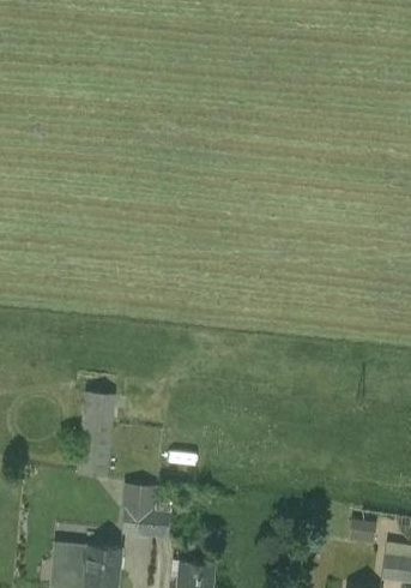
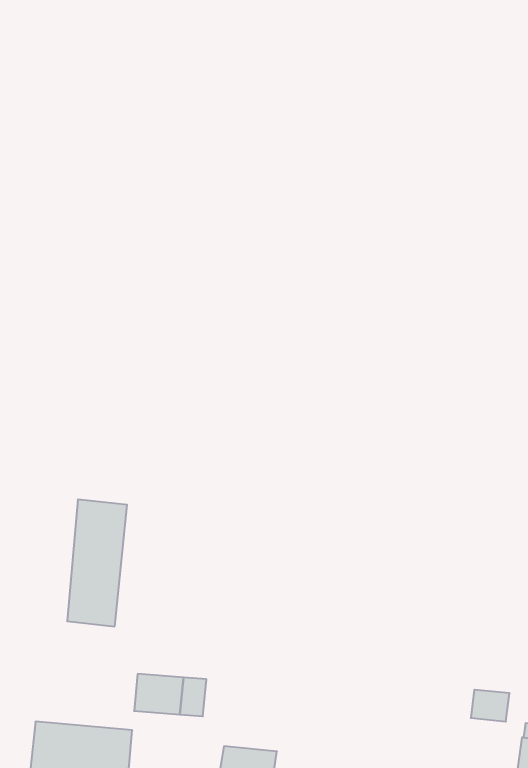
building: [122,484,156,512] -> none

